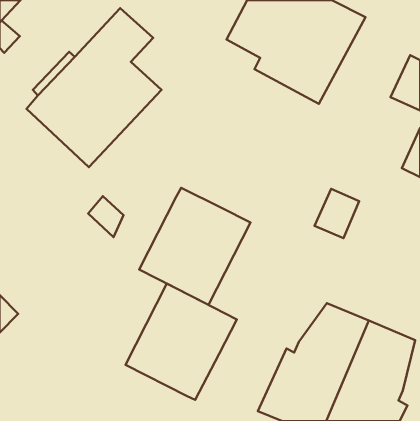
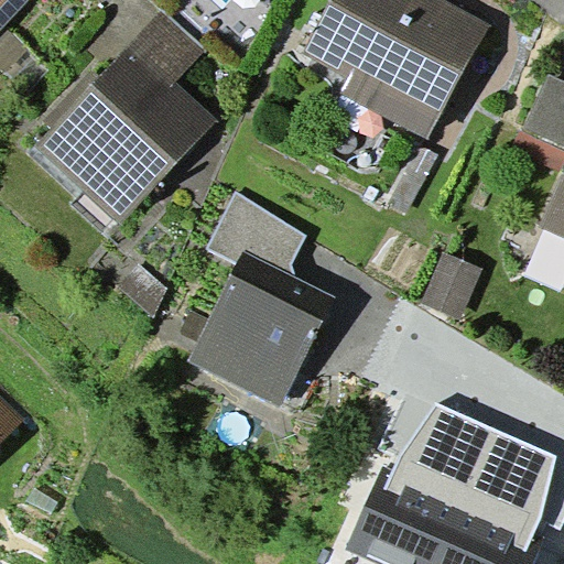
building: none -> [207,192,305,278]
building: [126,284,237,400] -> none

